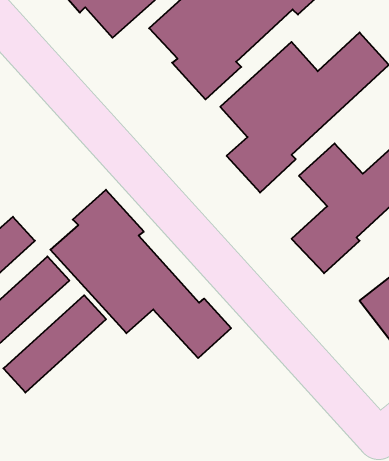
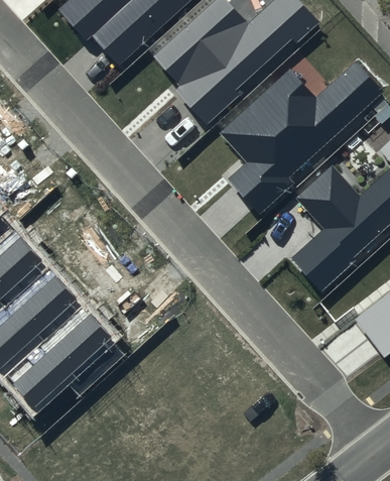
building: [50,190,231,358] -> none

